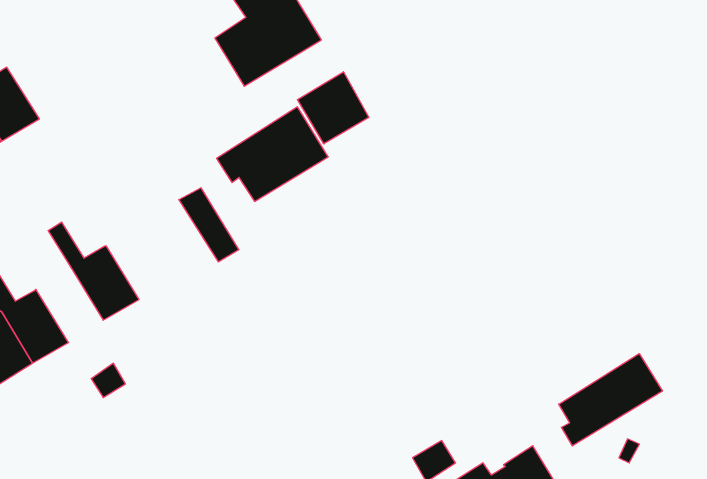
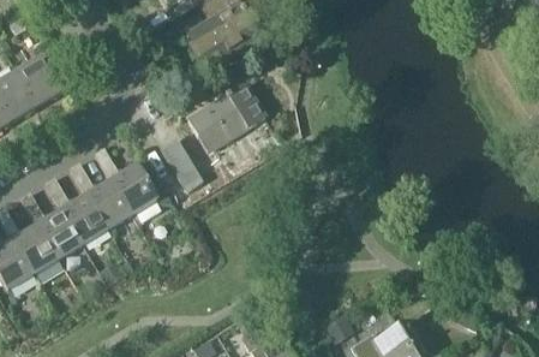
building: [297,72,369,144] -> none
building: none -> [94,147,158,216]
building: none -> [44,178,108,246]
building: [559,354,662,446] -> none

